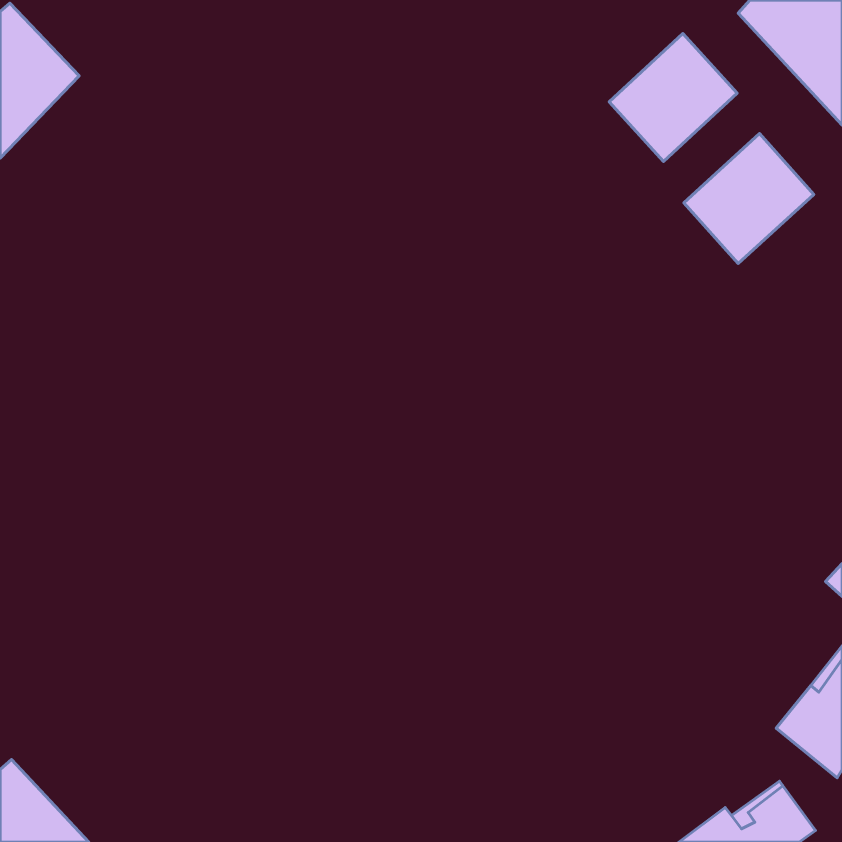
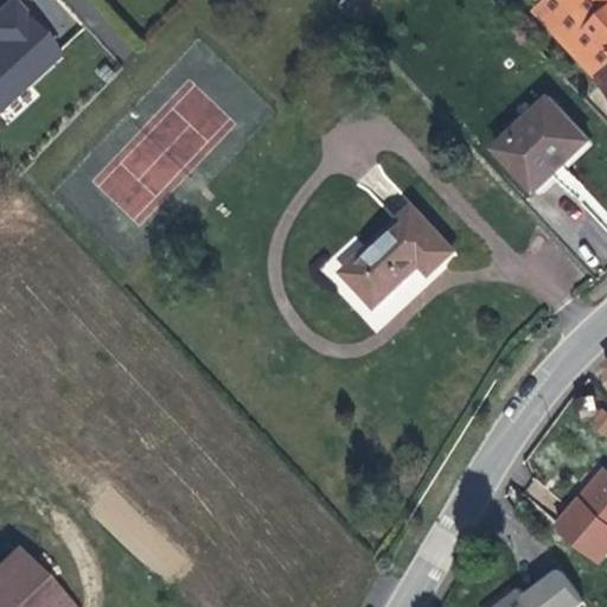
building: [609,34,737,161] -> none
building: none -> [338,204,453,306]

